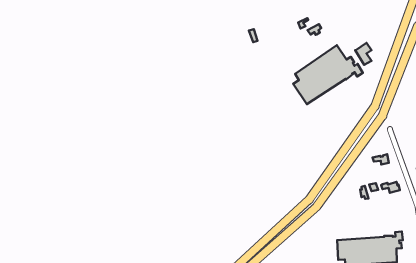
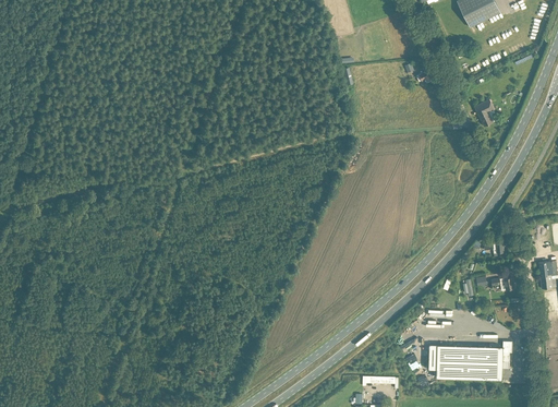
building: [293,45,363,104] -> none

